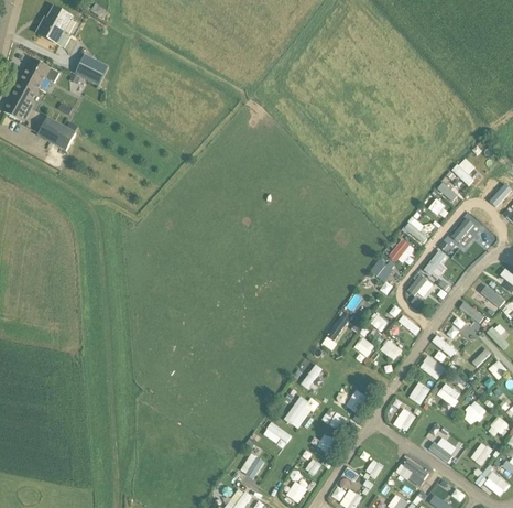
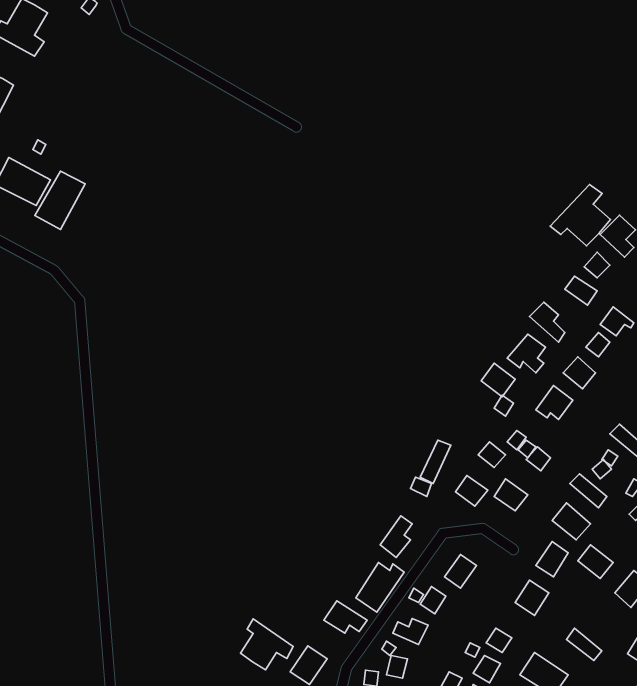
building: [75,54,108,85] -> none
building: none -> [35,171,85,230]
building: none -> [550,184,611,246]
building: none -> [240,619,293,670]

